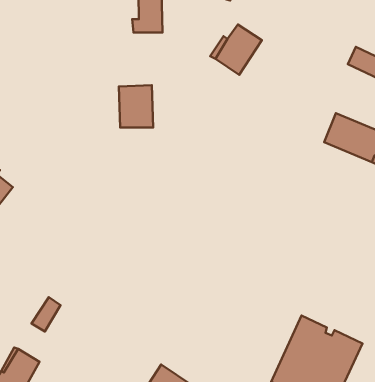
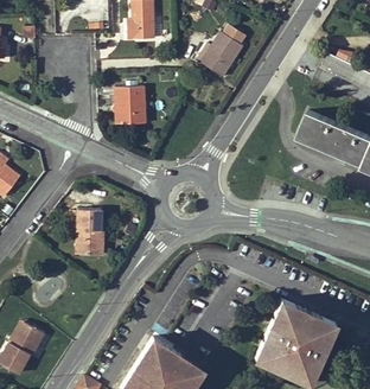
building: none -> [76,209,103,256]

